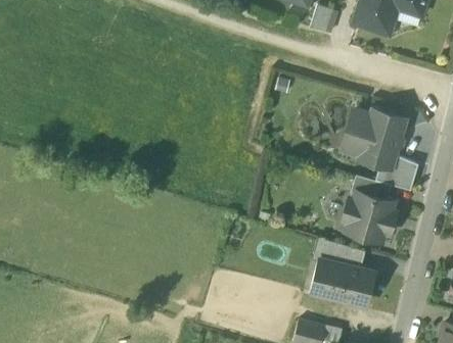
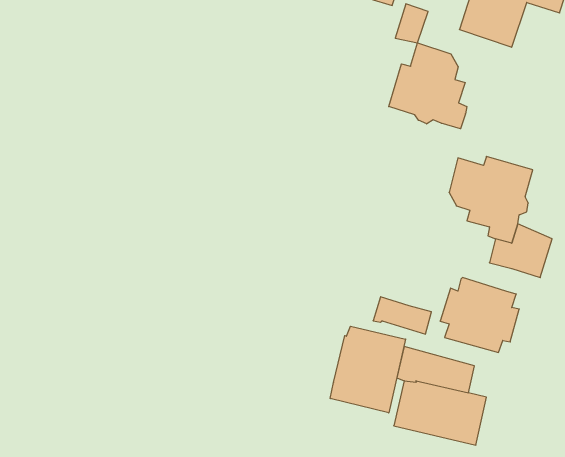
building: none -> [389,43,467,129]
building: [351,176,391,201] -> [373,297,431,334]
building: none -> [330,326,406,413]

